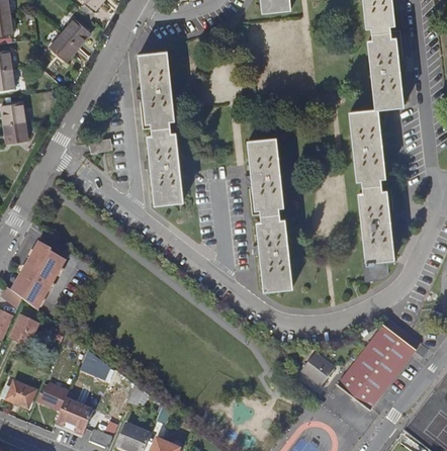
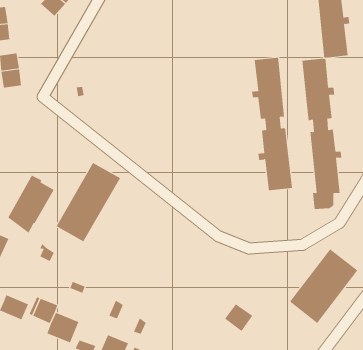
building: [135,50,182,203] -> none
building: [244,138,291,290] -> [251,57,293,191]
building: none -> [56,162,121,242]
building: [12,314,37,344] -> none
building: [302,353,336,385] -> [224,303,253,332]

